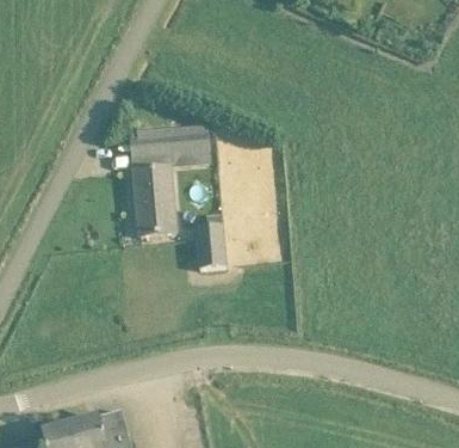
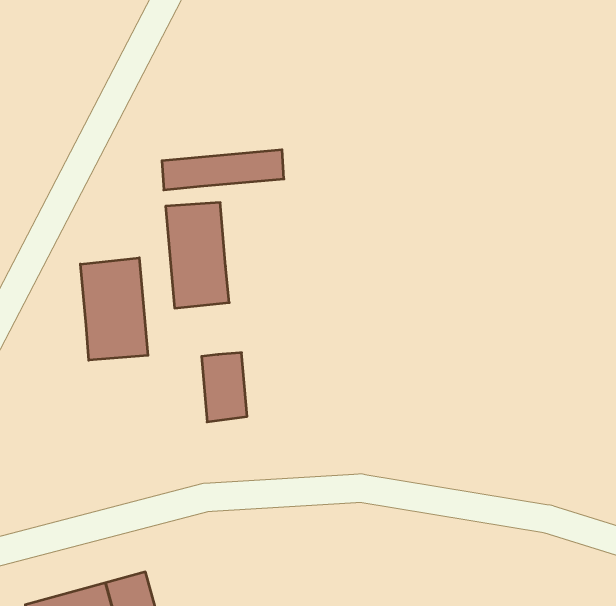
building: none -> [80,258,148,360]
building: [196,221,225,266] -> [202,353,247,422]

